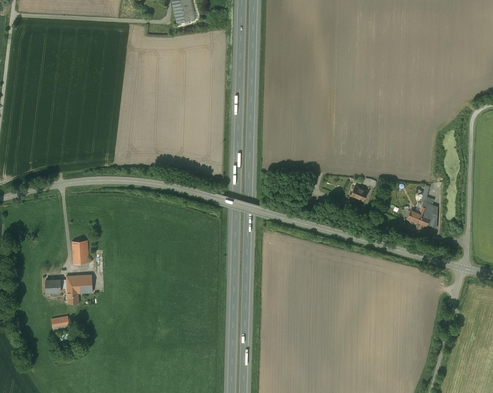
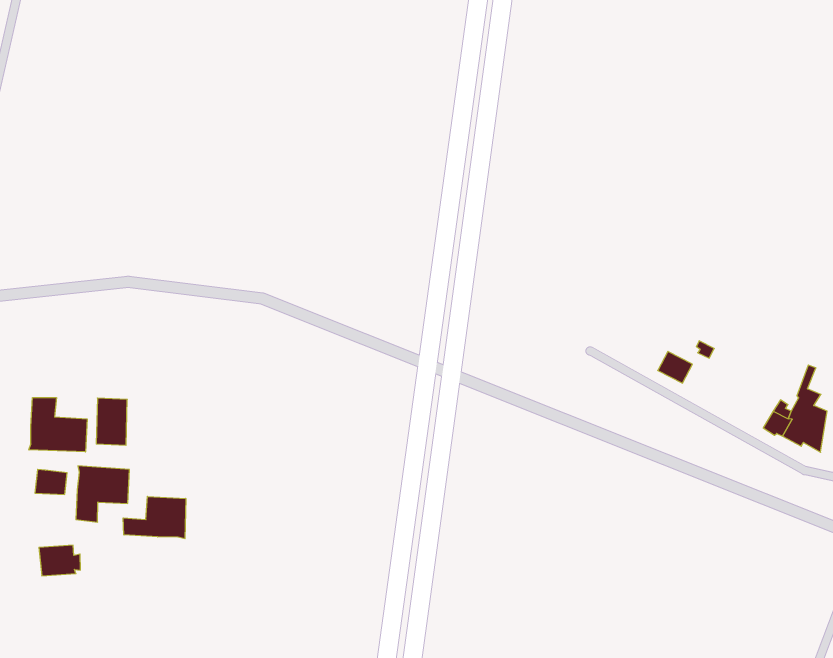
building: none -> [29,398,87,452]
building: none -> [123,496,186,539]

